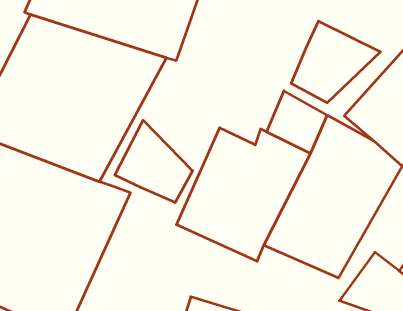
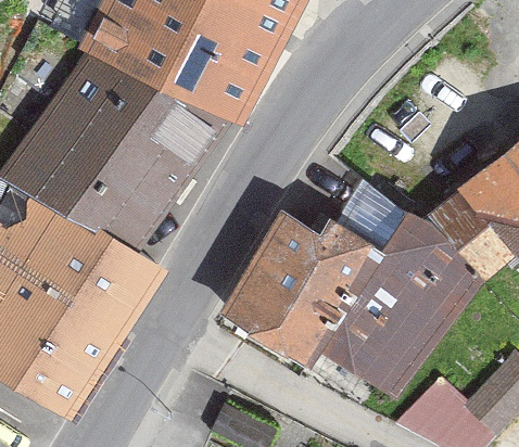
building: [291,21,380,103] -> none
building: [115,120,193,203] -> none

